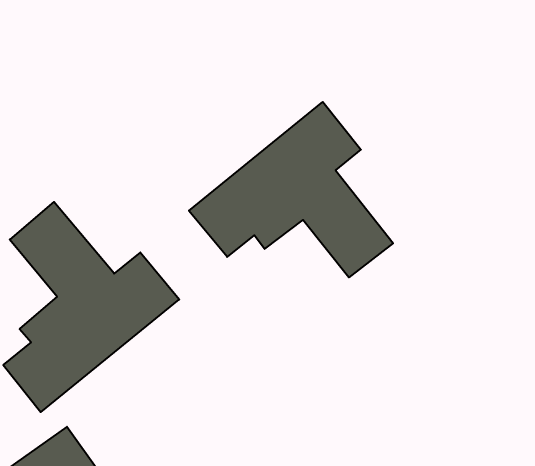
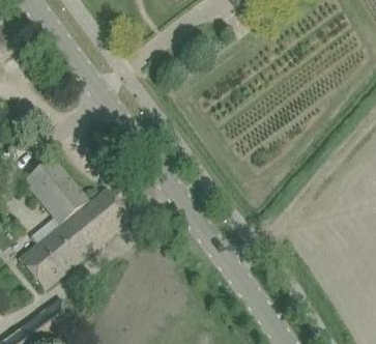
building: [189,102,393,277] -> none

